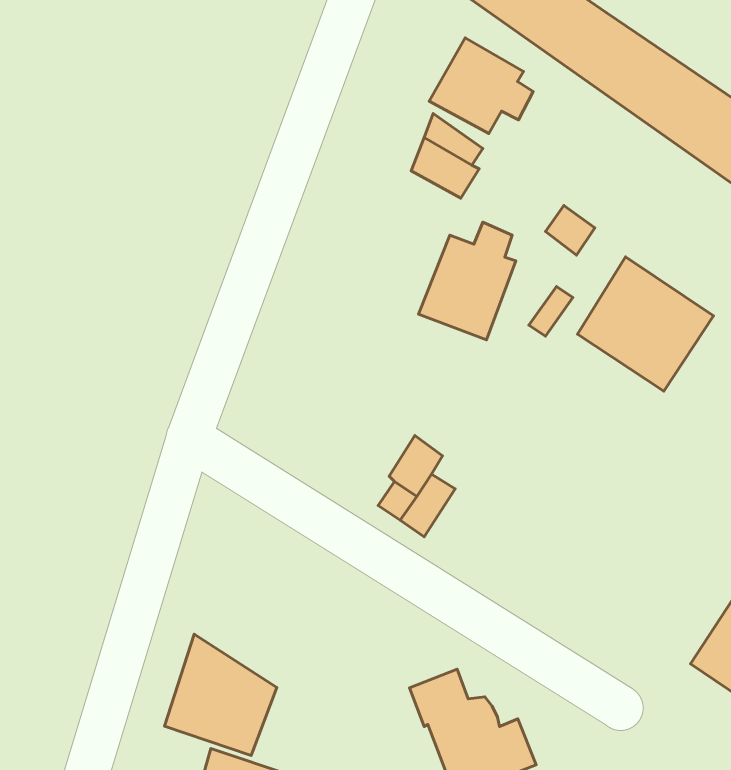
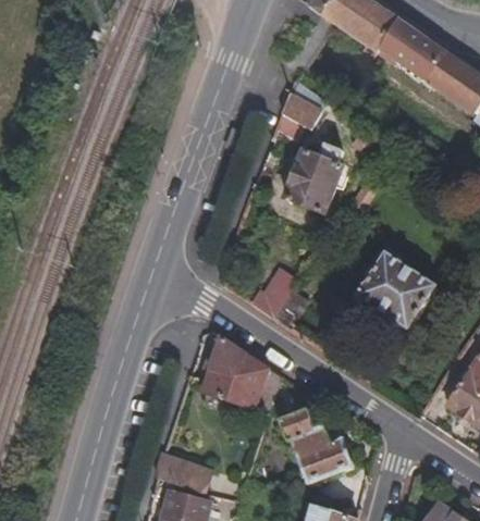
building: [429,38,533,134] -> none
building: [578,257,714,391] -> [357,249,438,328]
building: [165,634,277,755] -> [202,335,269,407]

